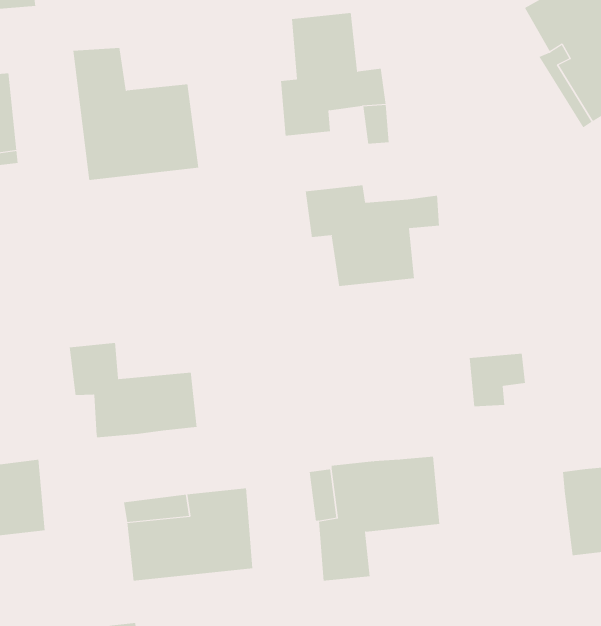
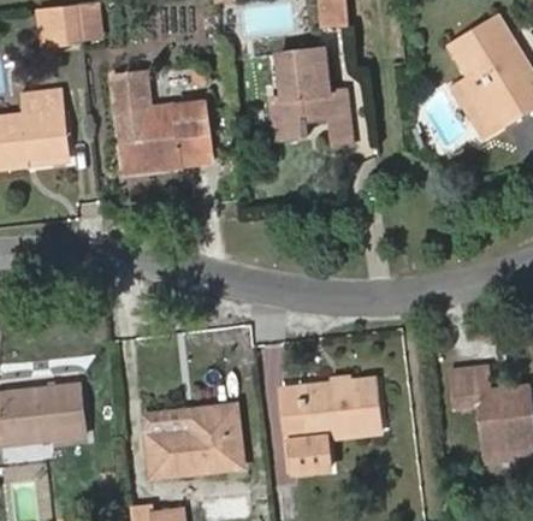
building: [305,185,440,287] -> none
building: [69,342,197,438] -> none
building: [469,353,526,407] -> [451,368,494,409]

